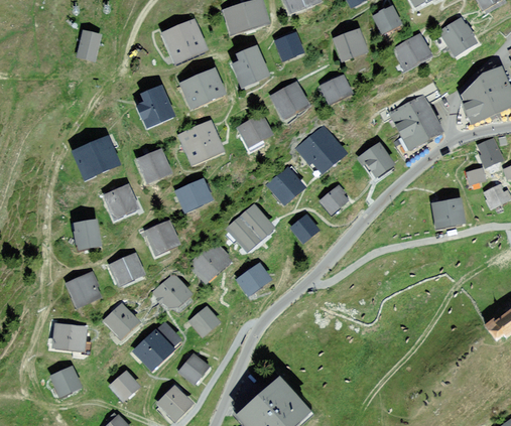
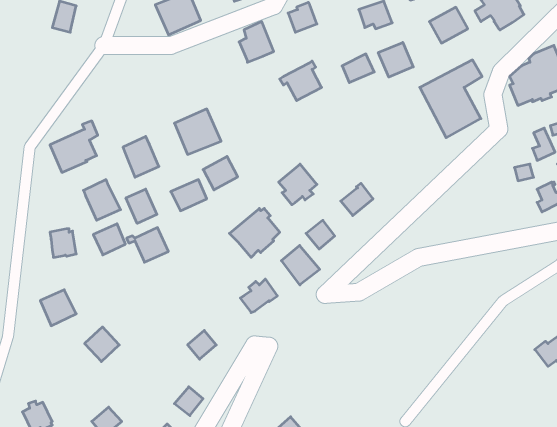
building: none -> [378,42,413,77]
building: [183,72,222,106] -> none
building: [140,89,171,125] -> none
building: [240,117,269,145] -> [203,156,238,190]
building: [298,128,343,170] -> none
building: [361,145,392,175] -> none
building: none -> [126,189,157,223]
building: [434,196,462,226] -> none
building: none -> [281,245,320,285]
building: [187,242,228,280] -> none
building: [114,256,141,282] -> [93,224,125,255]
building: [154,276,188,305] -> none
building: [55,325,86,348] -> none
building: [132,325,178,368] -> none

